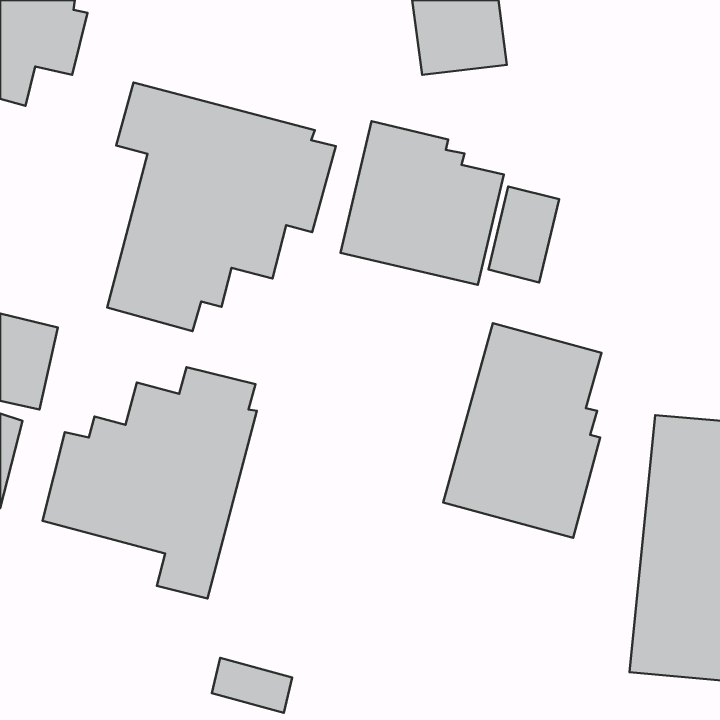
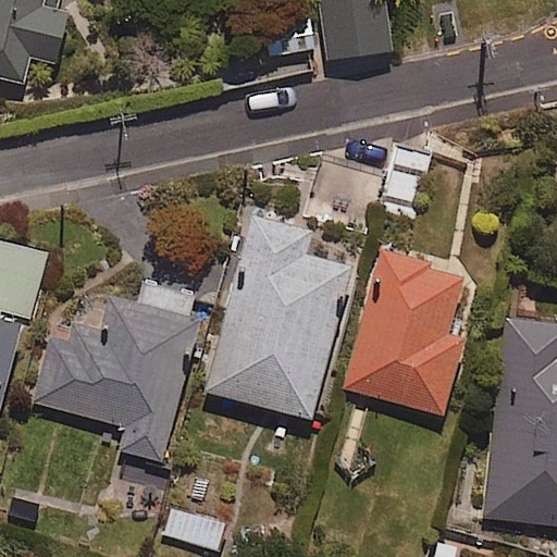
building: [107,82,336,331] -> none
building: [340,121,504,285] -> none
building: none -> [205,212,350,419]

